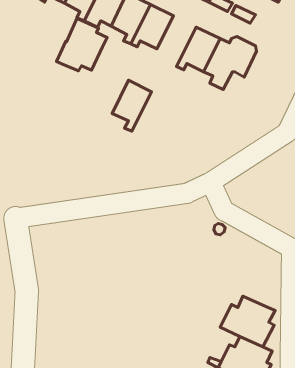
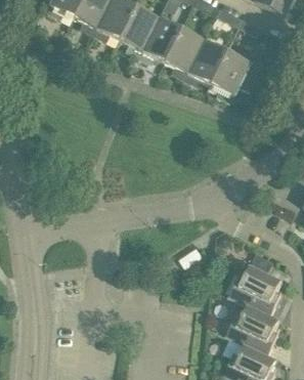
building: [57,18,107,71] -> none
building: [112,80,151,131] -> [162,29,201,79]
building: none -> [227,252,280,315]

